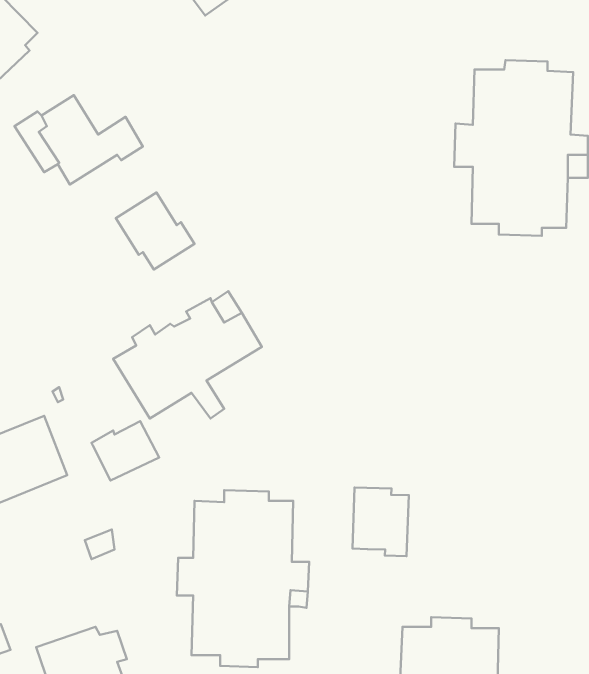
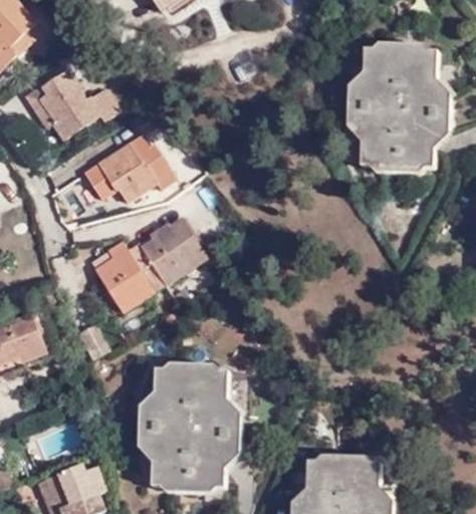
building: none -> [134,143,173,188]
building: [352,487,409,556] -> none

